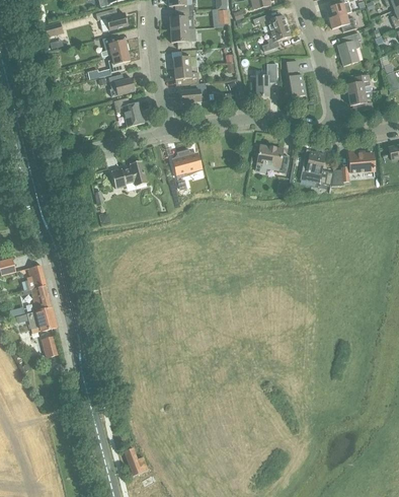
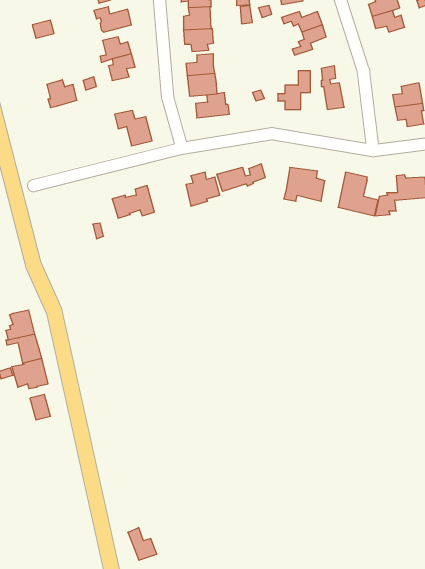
building: [336,31,360,65] -> none
building: [108,72,134,95] -> [47,80,77,108]
building: none -> [217,164,265,191]

